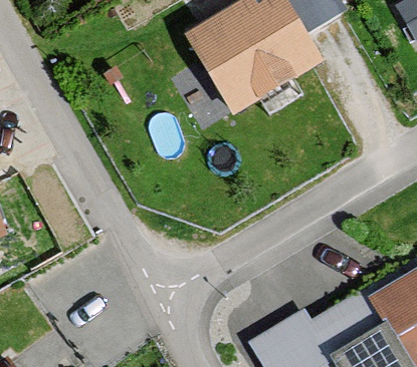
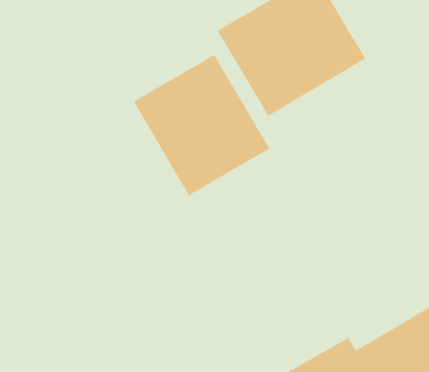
building: none -> [133,54,270,196]

